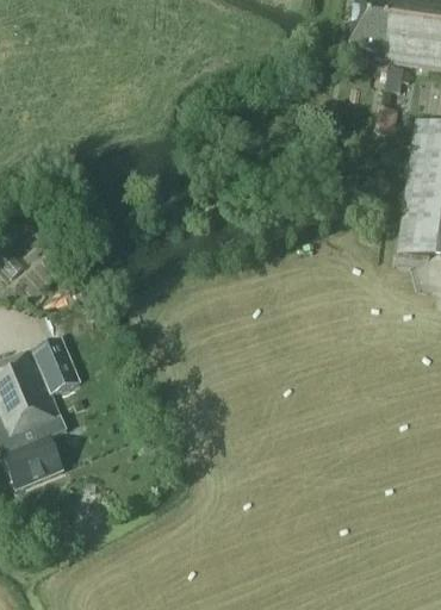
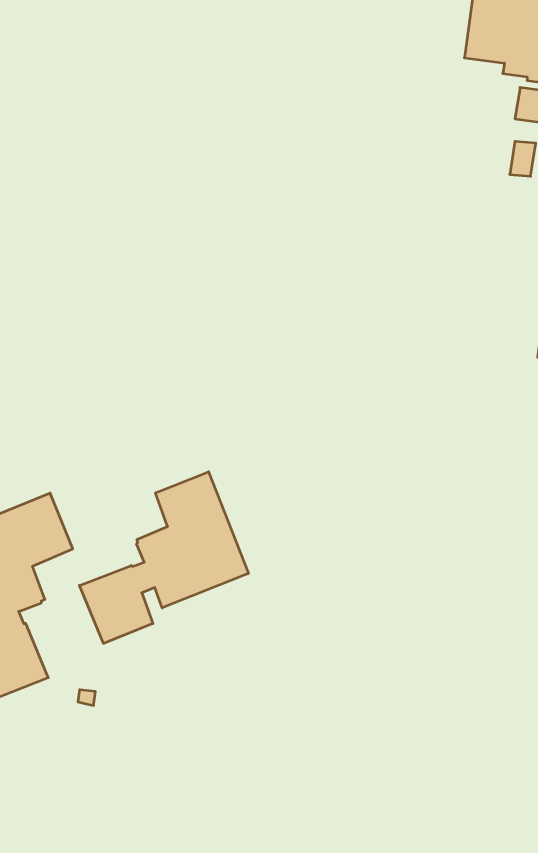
building: none -> [79,472,248,643]

